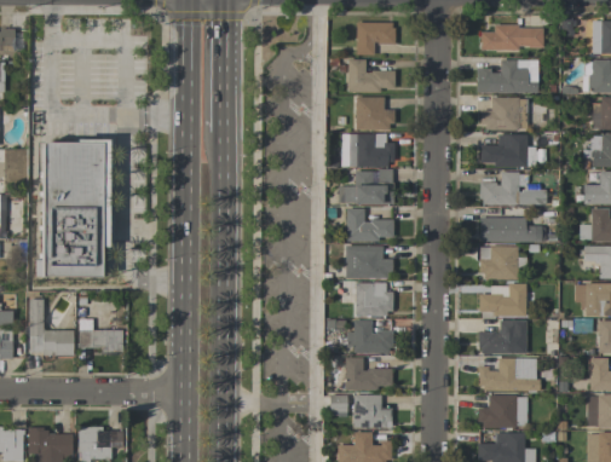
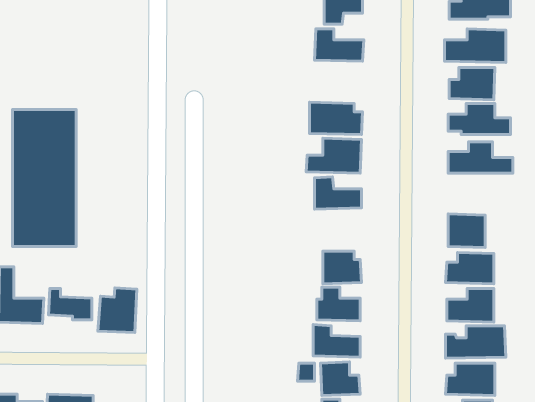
building: [356,97,393,131] -> none
building: [479,218,546,242] -> none
building: [345,246,392,278] -> none
building: none -> [98,288,137,332]

